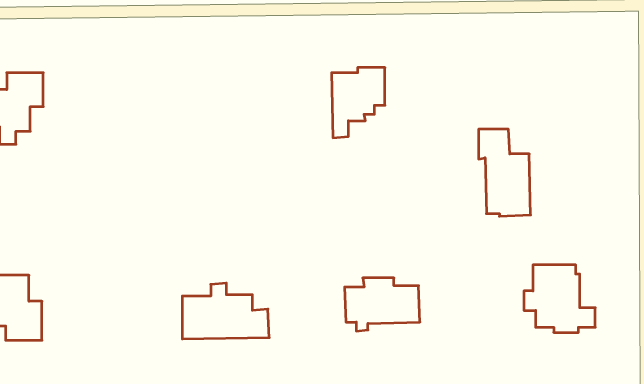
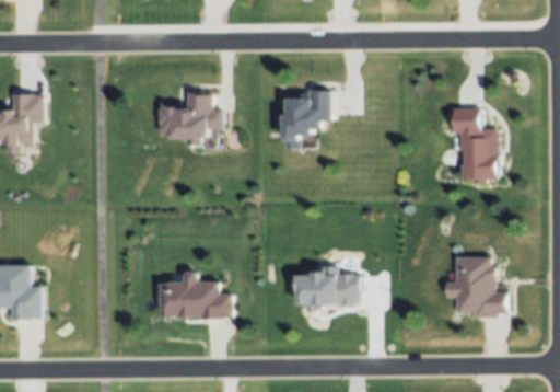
building: none -> [159,92,222,146]
building: [479,129,531,216] -> [452,108,495,182]

